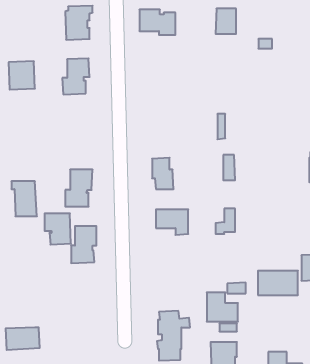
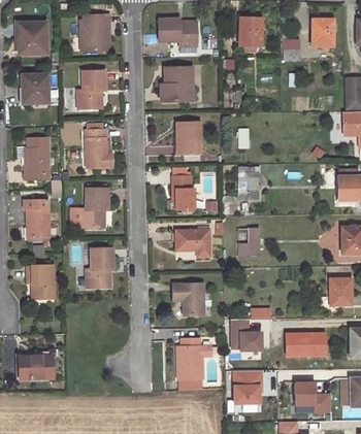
building: none -> [313,19,334,45]
building: none -> [18,22,46,54]
building: none -> [164,67,193,101]
building: none -> [176,121,200,155]
building: none -> [86,129,112,168]
building: none -> [25,147,50,179]
building: [45,213,71,245] -> [27,265,55,298]
building: none -> [173,282,204,313]
building: [258,271,298,295] -> [285,330,327,356]

